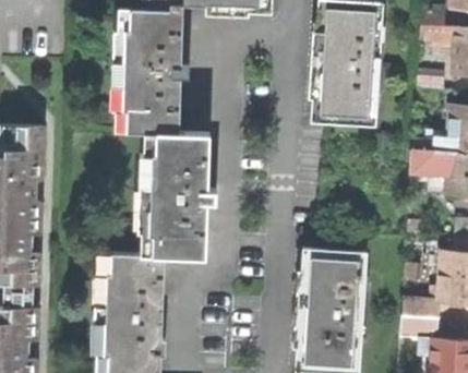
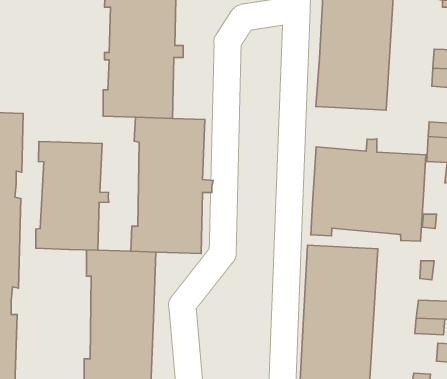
building: none -> [311,139,426,241]
building: none -> [36,142,109,250]

